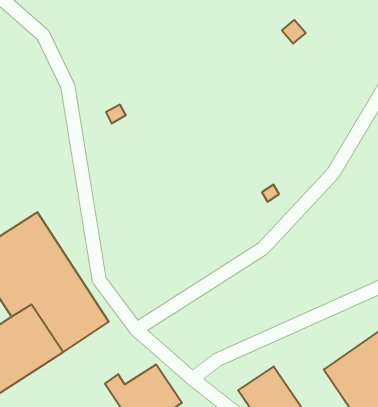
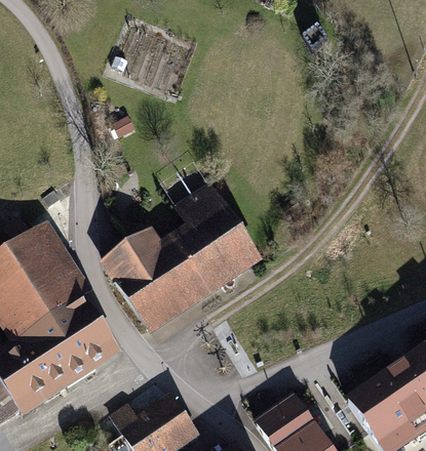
building: none -> [105,184,265,334]

